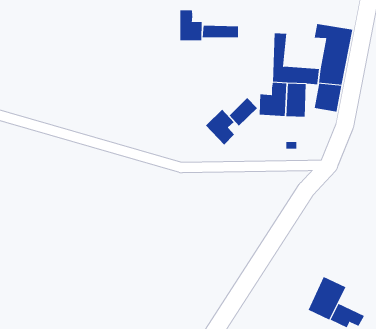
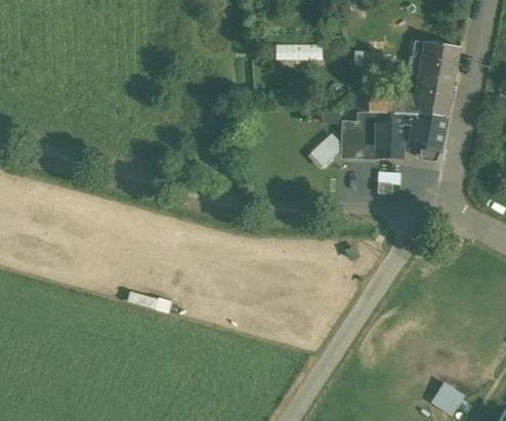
building: [180,9,202,41] -> none
building: [205,109,235,146] -> none
building: [308,276,346,320] -> none

